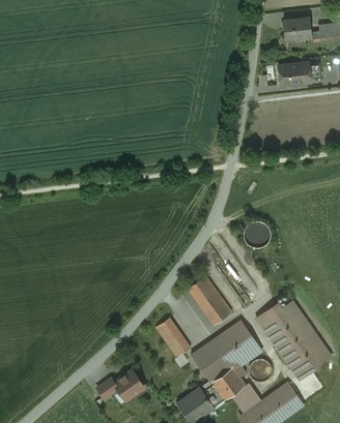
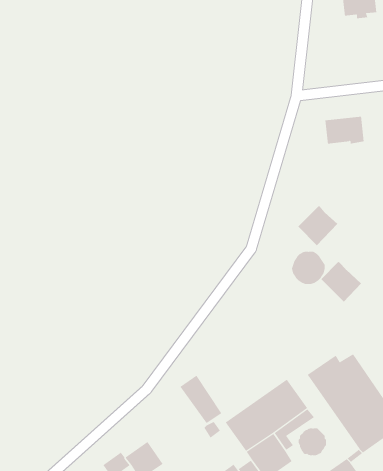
building: [279,62,310,84] -> [325,116,364,144]
building: none -> [297,206,338,246]
building: none -> [320,261,362,303]
building: [188,275,231,324] -> none

